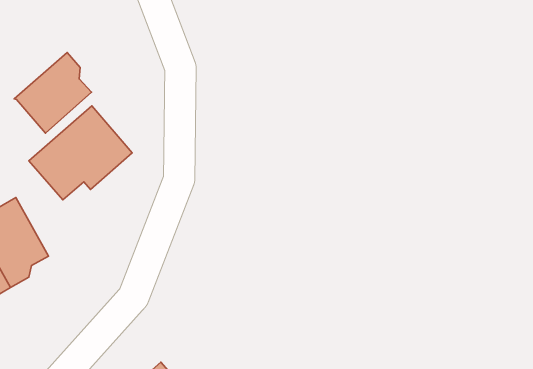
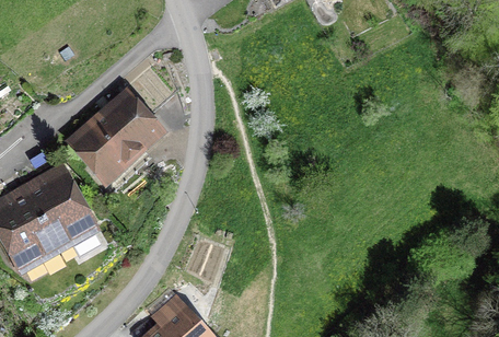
building: [14,52,91,133] -> none

